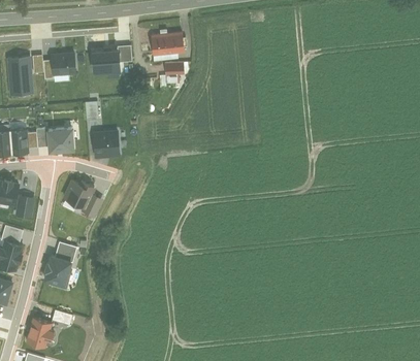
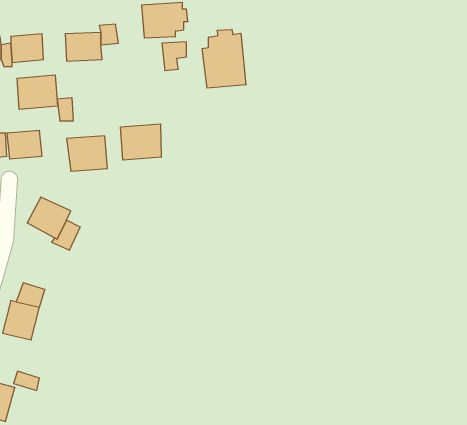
building: none -> [202,29,246,88]
building: none -> [17,75,57,109]
building: none -> [121,124,161,160]

